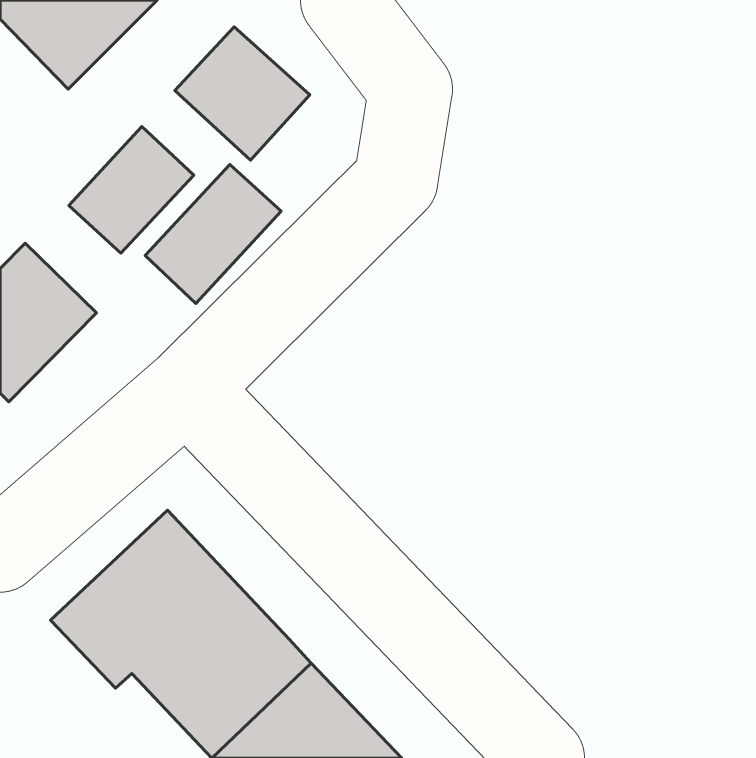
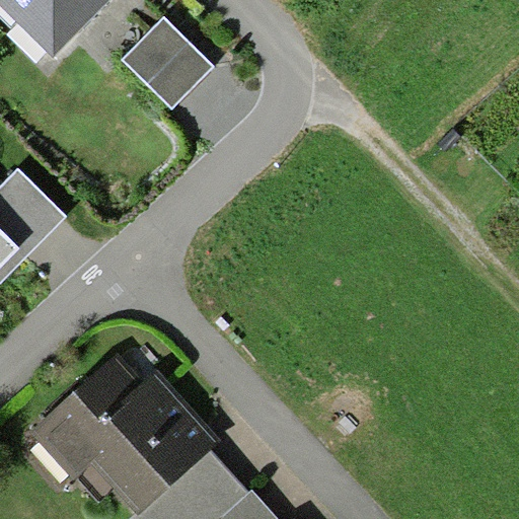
building: [69,126,194,253] -> none
building: [145,165,281,303] -> none

